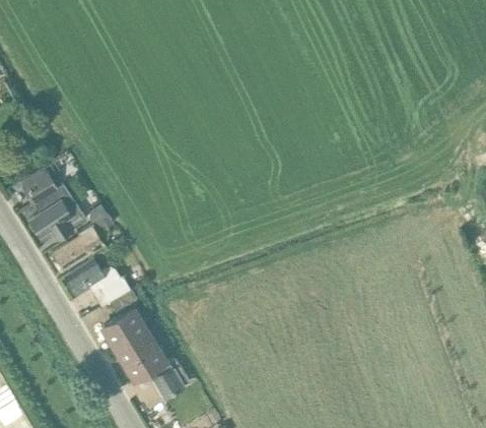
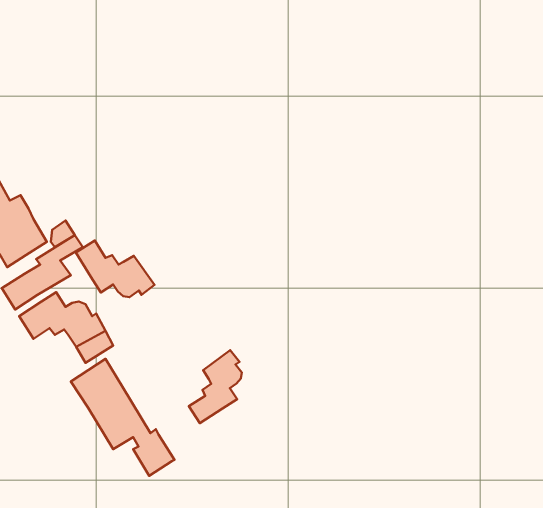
building: none -> [76,241,154,297]
building: none -> [189,350,242,423]

